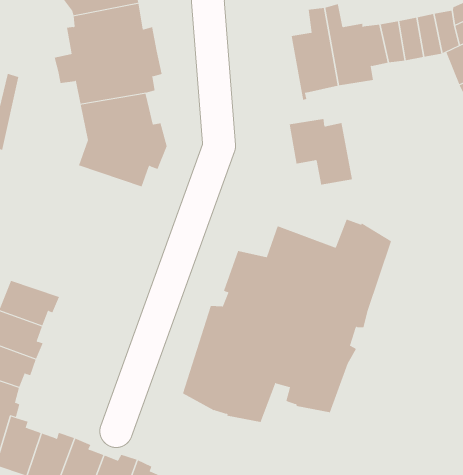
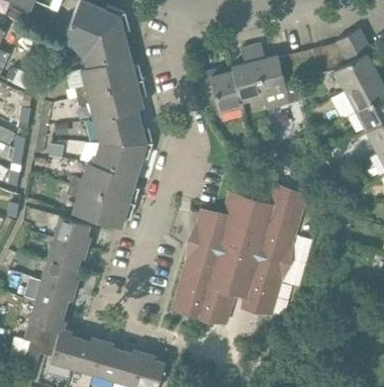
building: [289,118,353,185] -> [196,69,241,113]
building: none -> [67,160,138,227]
building: none -> [54,216,90,248]

